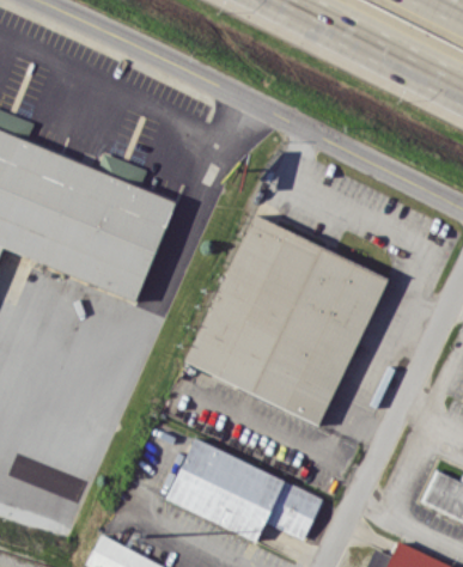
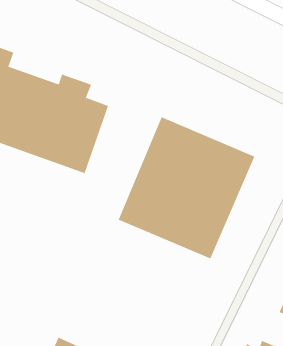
building: [165,440,323,541] -> none

